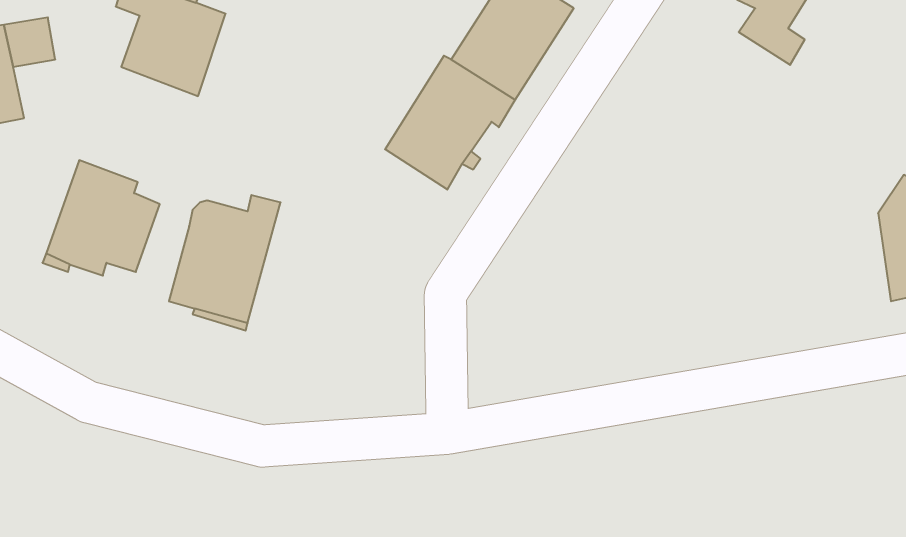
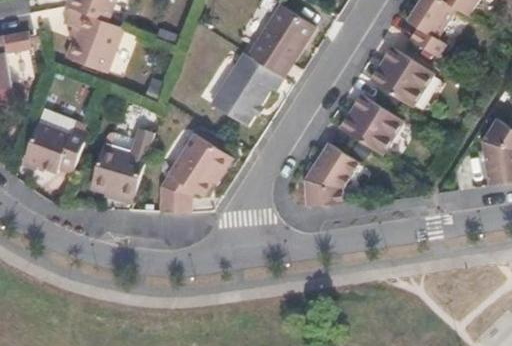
building: none -> [367,47,428,106]
building: none -> [337,96,398,154]
building: none -> [162,131,232,211]
building: none -> [304,141,357,210]

